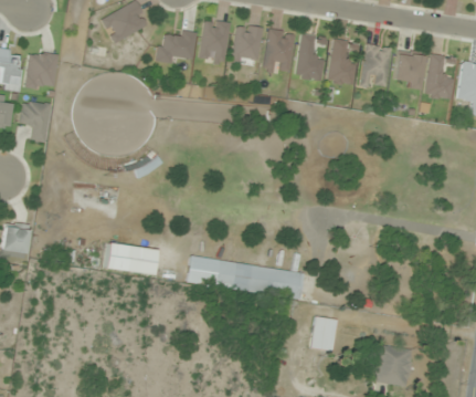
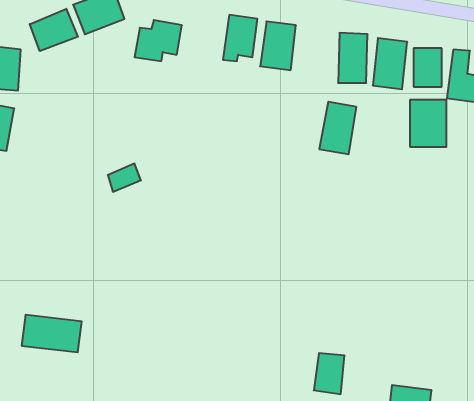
building: [200,19,230,62] -> none
building: none -> [30,9,78,51]
building: [295,34,327,80] -> [319,102,356,154]
building: none -> [410,100,446,147]
building: [105,243,157,275] -> [22,315,82,352]
building: [187,257,305,299] -> none

